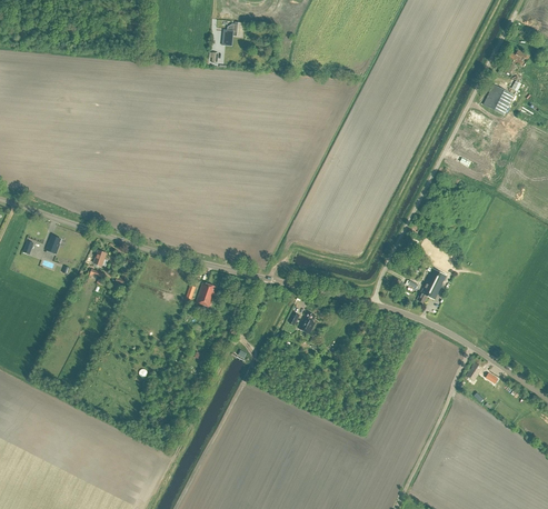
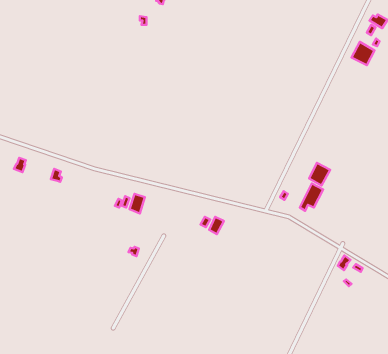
building: none -> [309,163,330,185]

